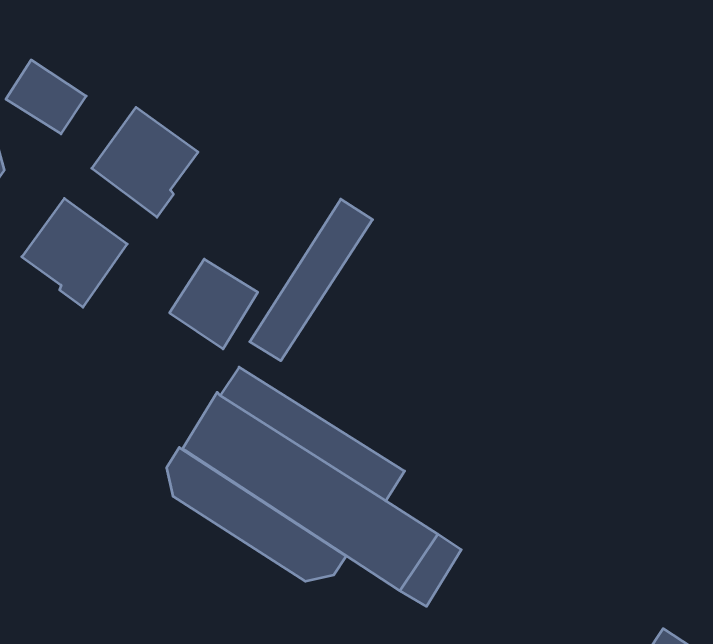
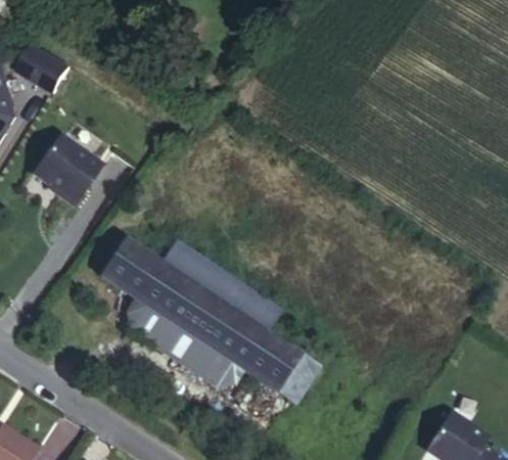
building: [92,107,198,217] -> none
building: [250,199,373,361] -> none
building: [170,259,258,349] -> [102,238,159,296]

